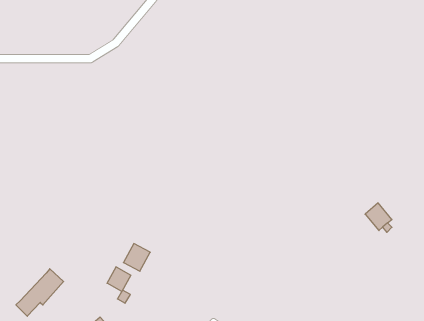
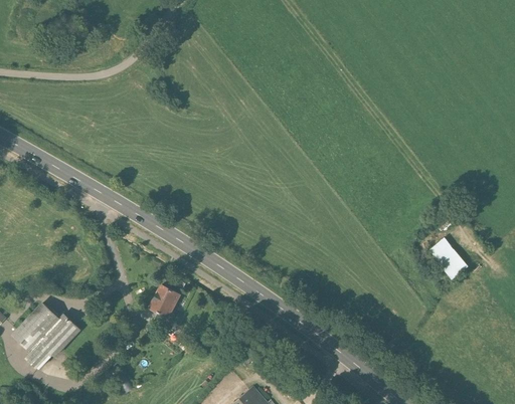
building: none -> [12,304,59,352]
building: [107,267,131,292] -> none

